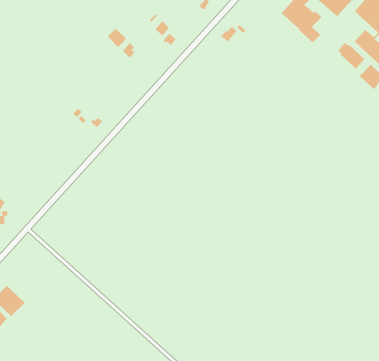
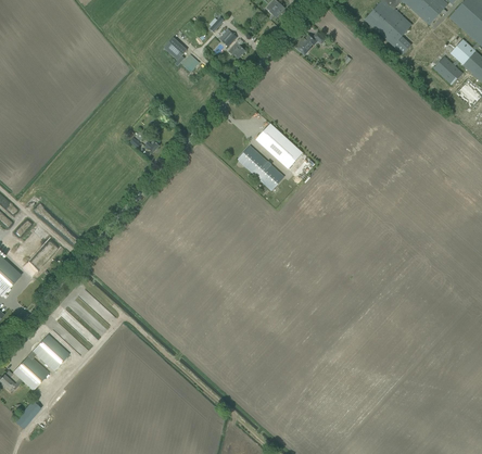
building: none -> [255,123,303,168]
building: none -> [238,146,283,190]

